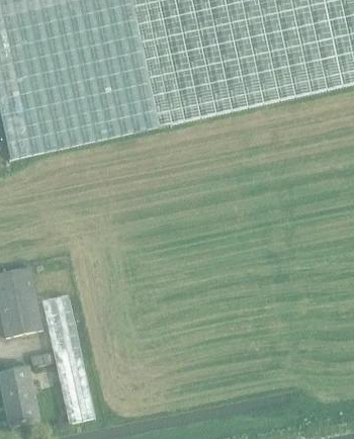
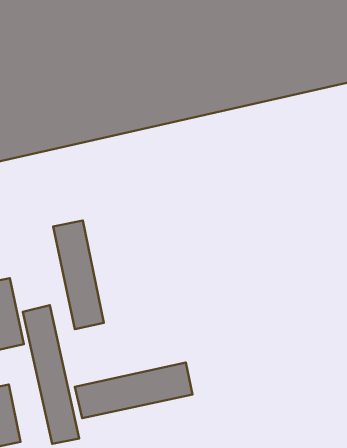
building: none -> [53,221,104,329]
building: none -> [75,362,192,418]

